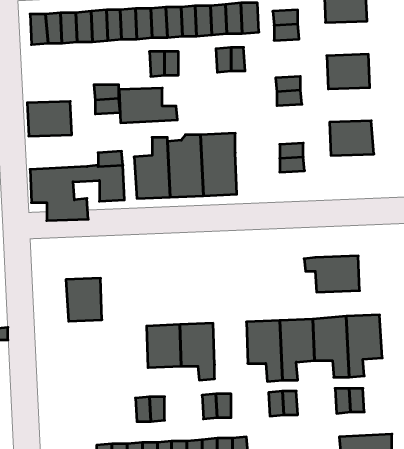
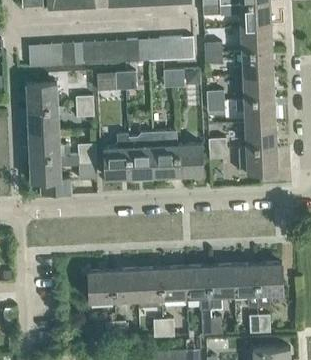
building: none -> [233,50,273,75]
building: none -> [26,83,58,109]
building: none -> [236,98,275,123]
building: [119,88,177,123] -> [28,132,70,157]
building: none -> [177,144,203,175]
building: [304,256,360,292] -> [238,146,278,172]
building: [66,278,102,321] -> [88,270,114,301]
building: none -> [161,267,186,298]

